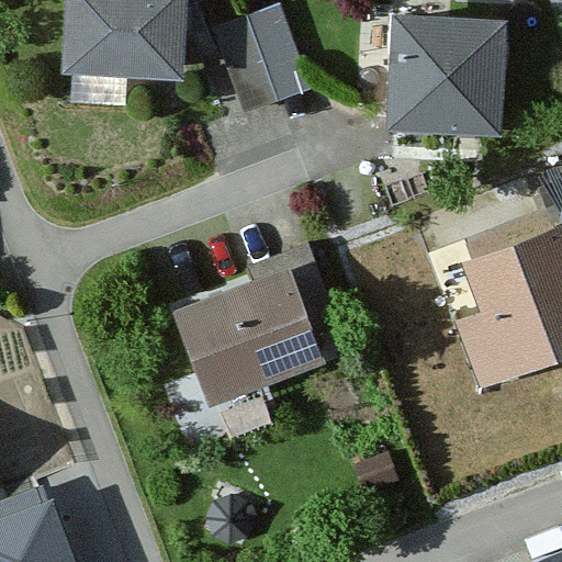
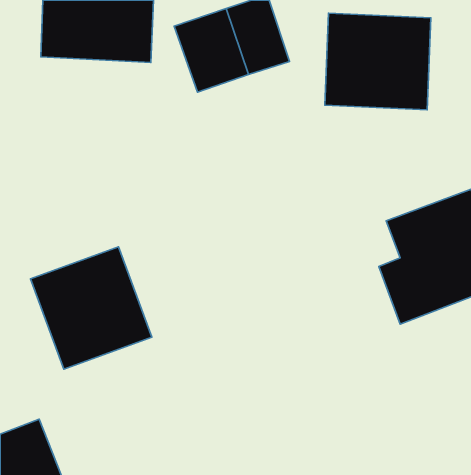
building: [171,268,318,401] -> none
building: none -> [30,247,152,369]

